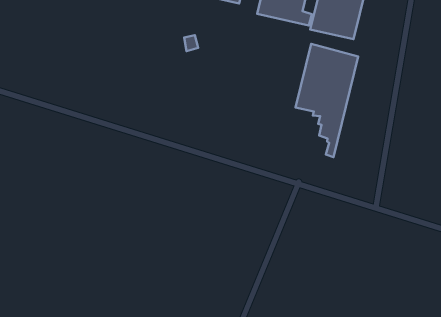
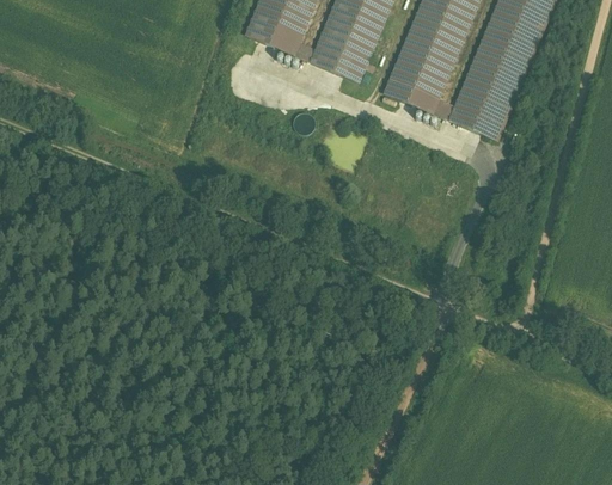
building: [296,44,358,157] -> none

